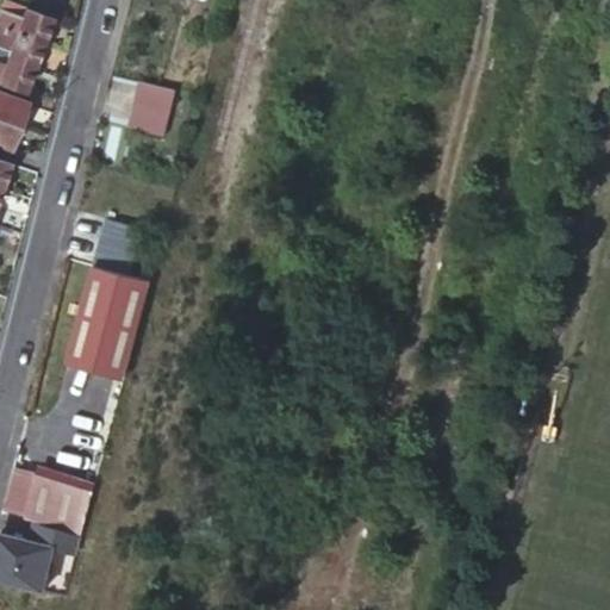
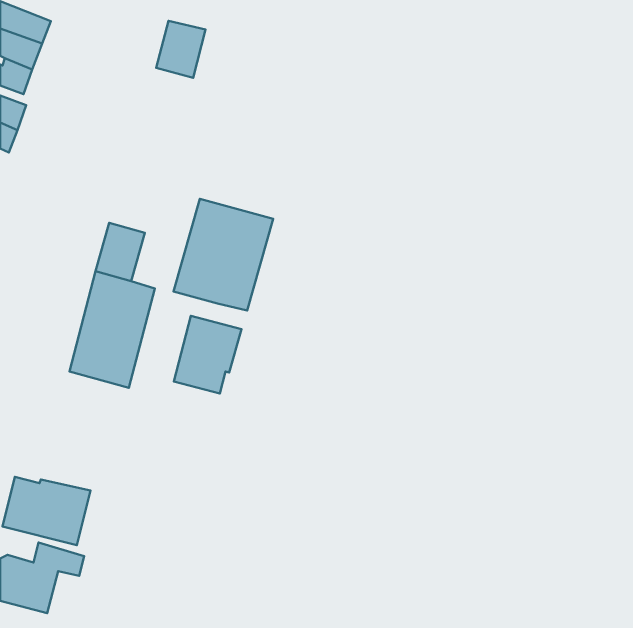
building: [127,83,175,138] -> [156,21,206,78]
building: none -> [173,199,273,311]
building: none -> [174,316,242,393]

